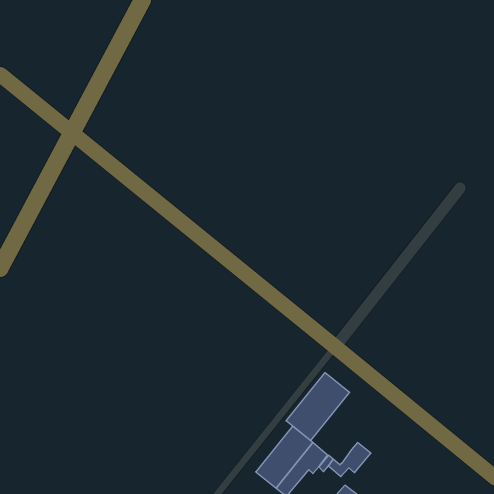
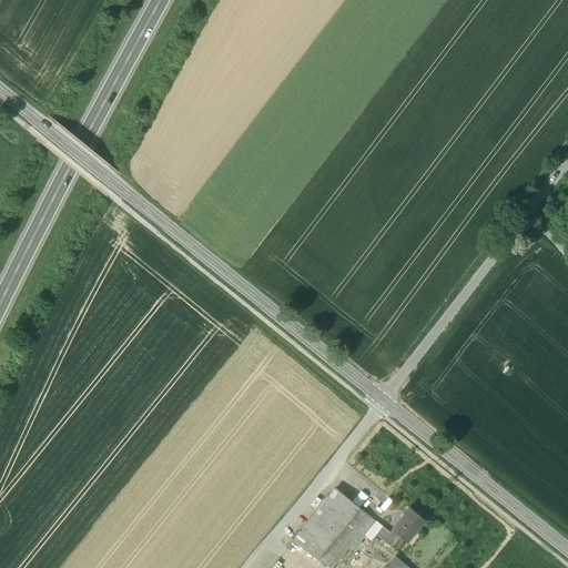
building: [286,373,350,441] -> none

